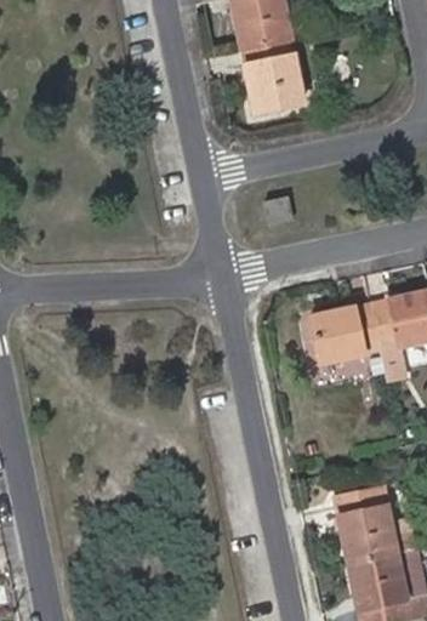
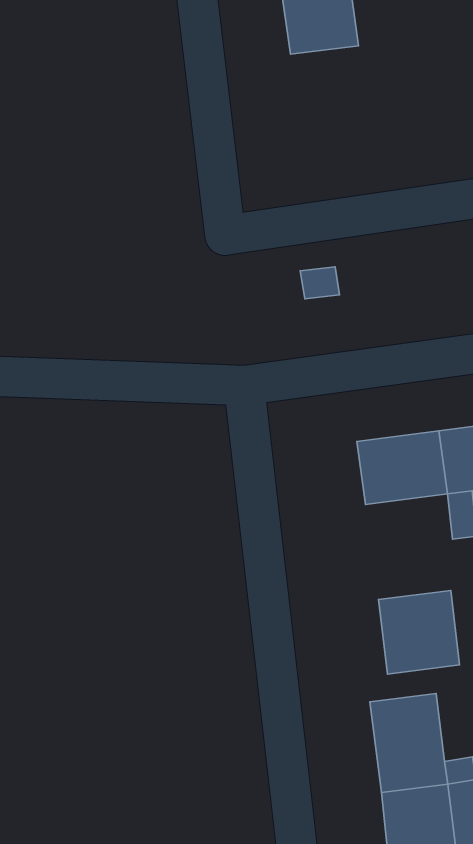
building: [243,39,302,112] -> none
building: none -> [378,590,460,674]

